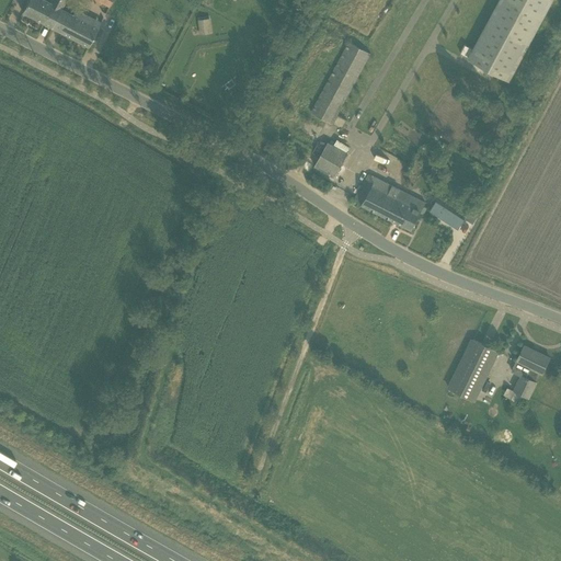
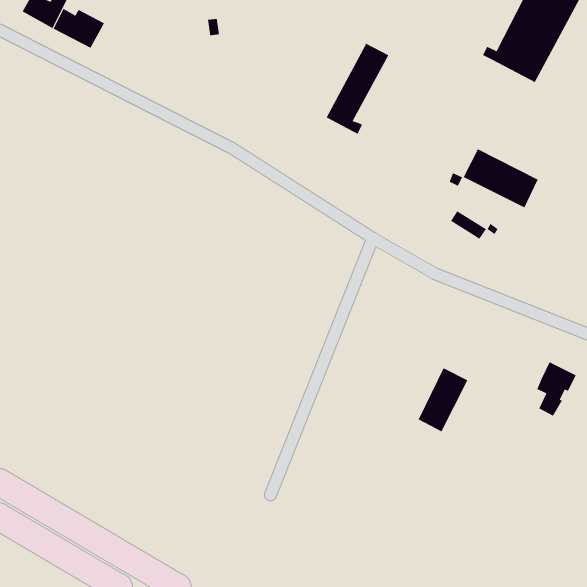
building: [313,141,346,176] -> none
building: [352,172,424,229] -> [463,148,539,208]
building: [448,339,496,400] -> [418,368,468,432]

